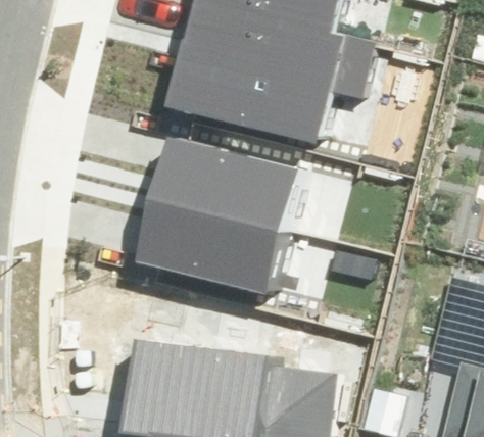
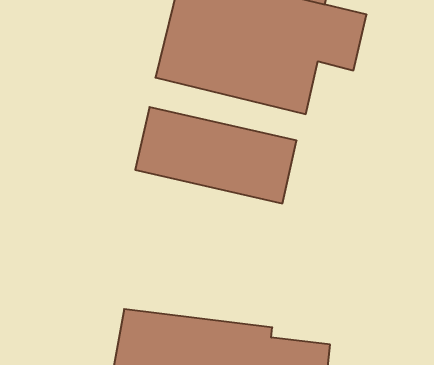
building: [132,199,295,297] -> none

